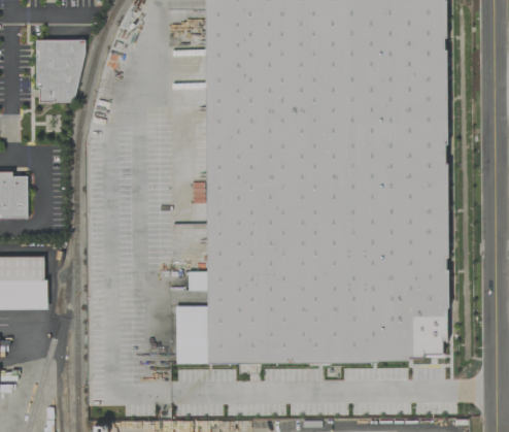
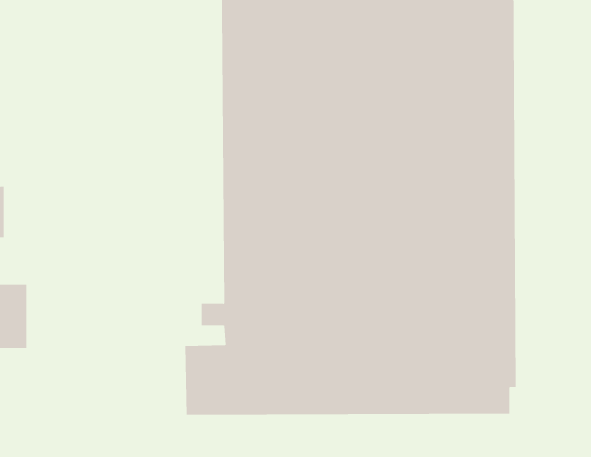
building: [36,40,81,104] -> none

